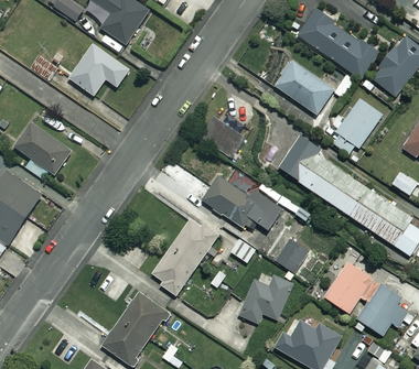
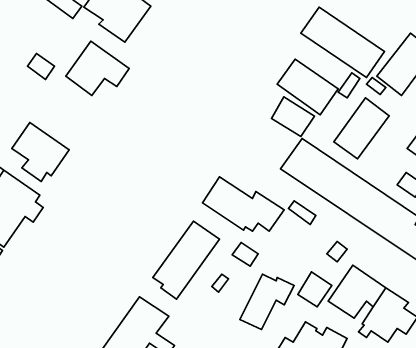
building: [202,118,244,156] -> [272,97,314,136]
building: [276,239,309,273] -> [298,272,332,307]

